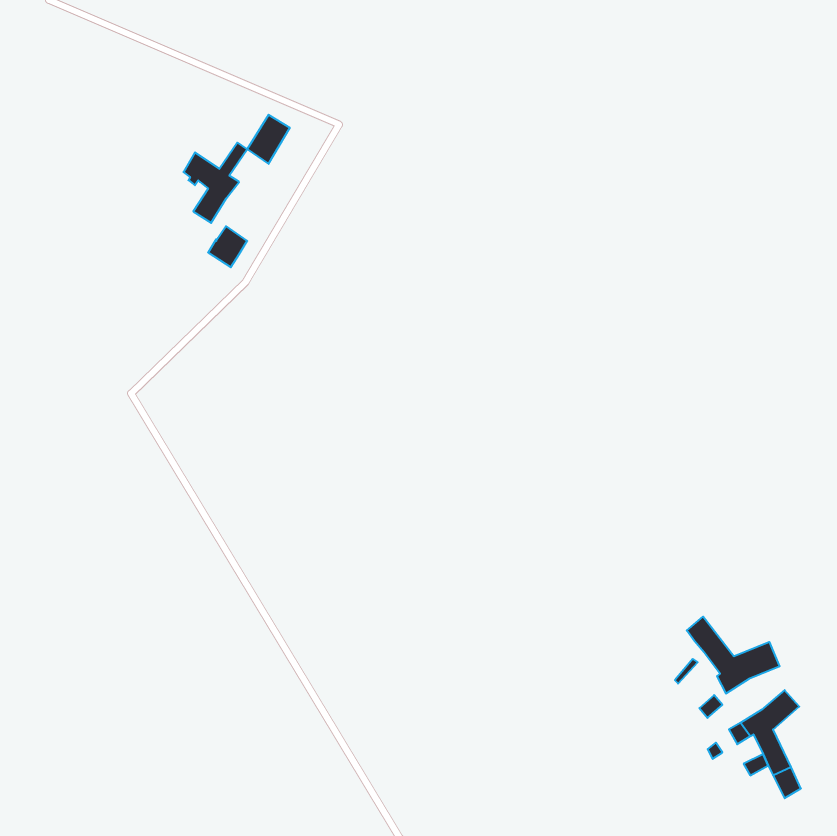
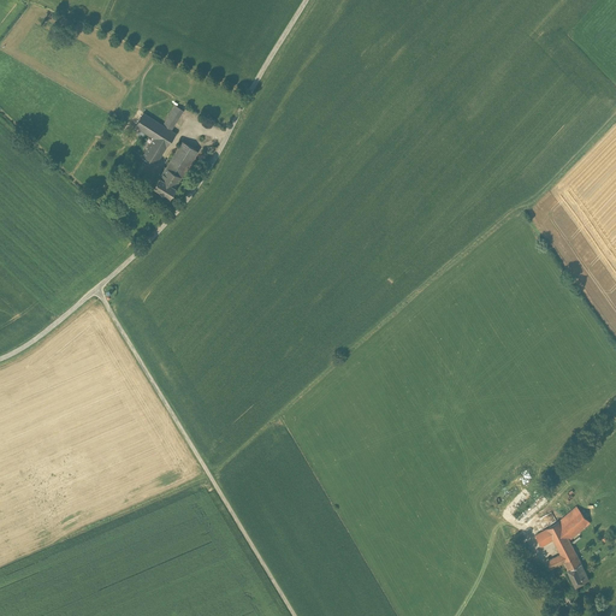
building: [247,115,290,164] -> [166,142,197,178]
building: [687,617,780,694] -> none

